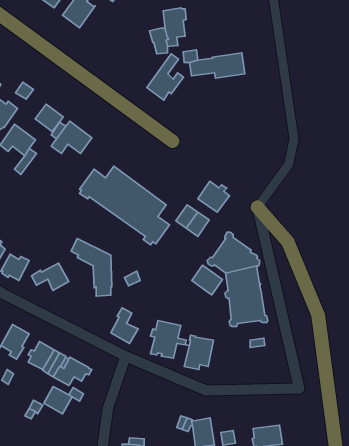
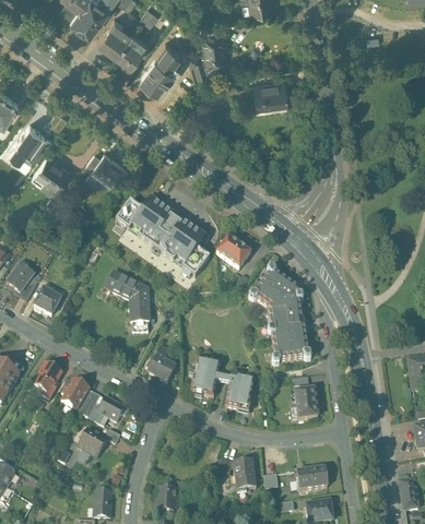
building: none -> [116,29,147,63]
building: [147,54,184,100] -> [141,40,179,88]
building: [35,104,63,131] -> none
building: [198,181,230,212] -> none
building: [31,263,69,290] -> none
building: [192,265,223,295] -> none
building: none -> [290,388,317,417]

